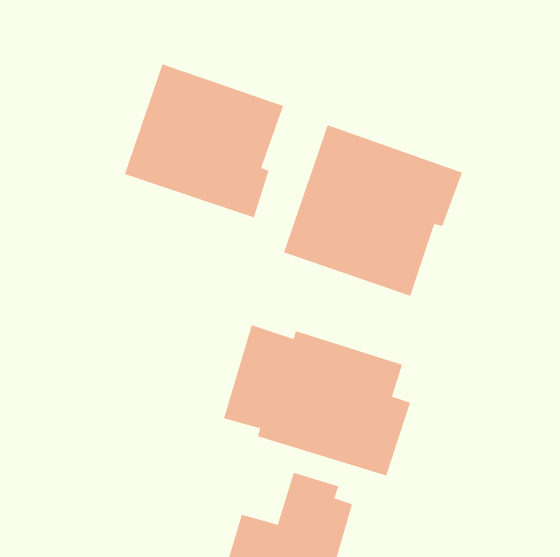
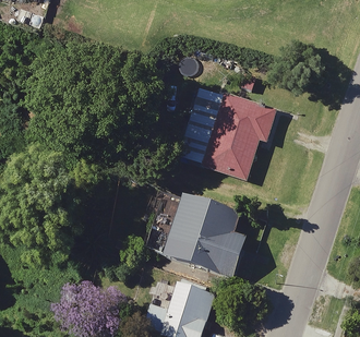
building: [124,64,284,218] -> none

